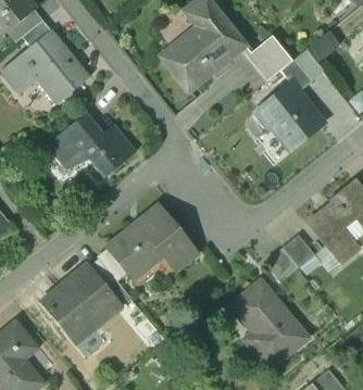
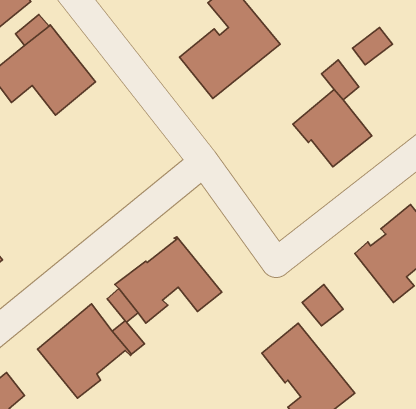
building: [249,35,292,78] -> none
building: [47,112,137,176] -> none
building: [283,234,323,267] -> none

